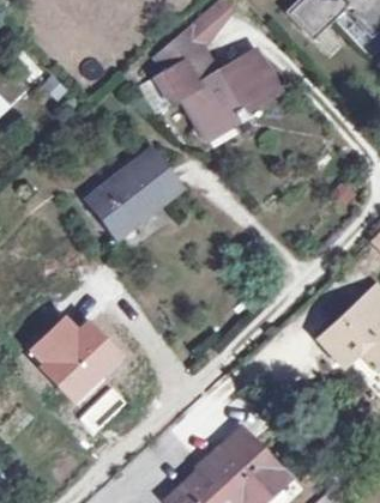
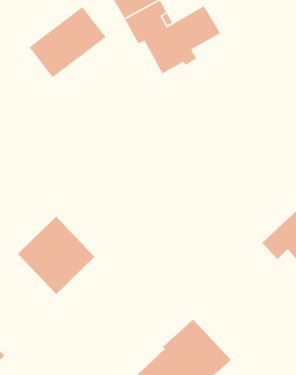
building: [85,150,179,236] -> [28,6,107,78]

